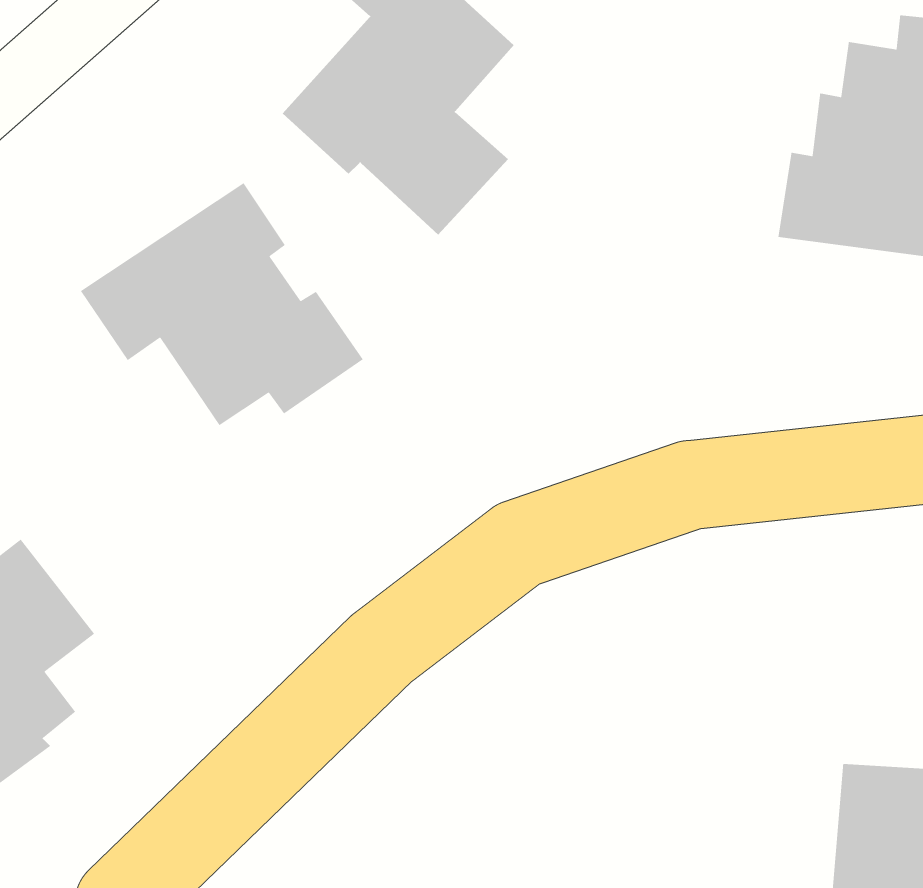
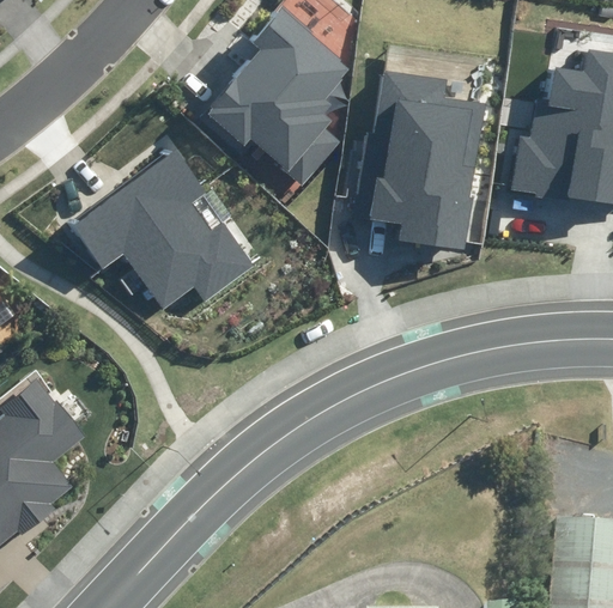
building: none -> [354,72,485,251]

